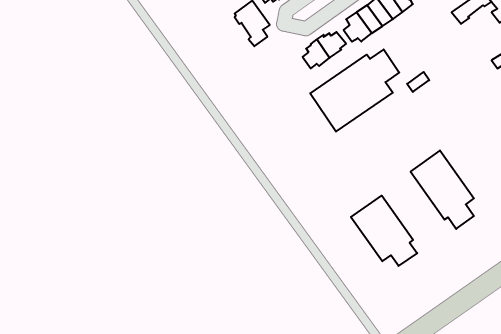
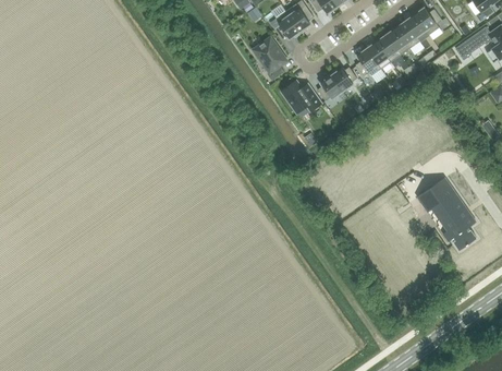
building: none -> [281,80,321,112]
building: [310,49,399,132] -> none
building: [351,196,417,266] -> none

